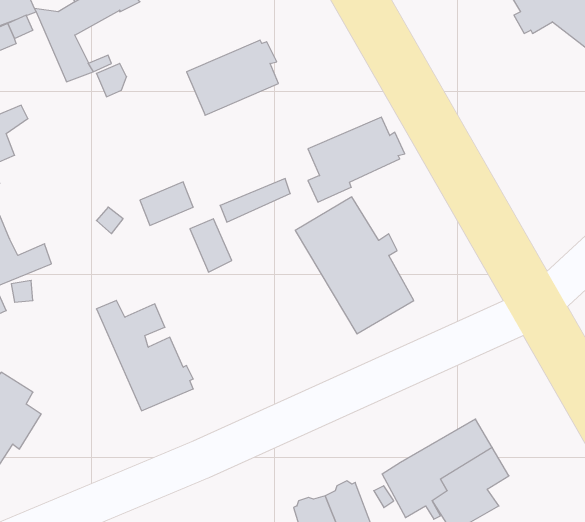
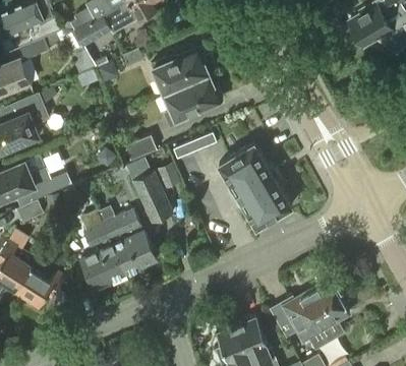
building: [308,117,405,202] -> [164,75,223,127]
building: none -> [126,158,173,223]
building: none -> [80,210,125,289]

